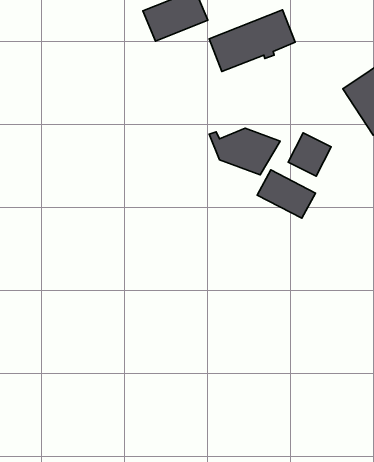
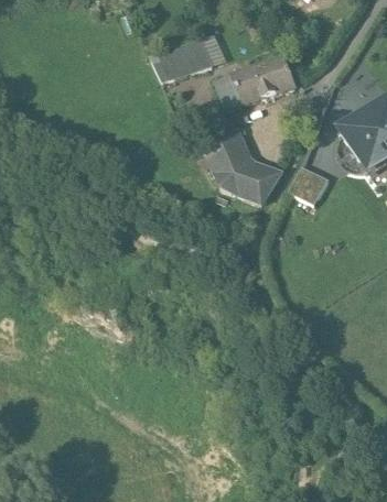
building: none -> [212,143,249,181]
building: [257,170,316,218] -> none

